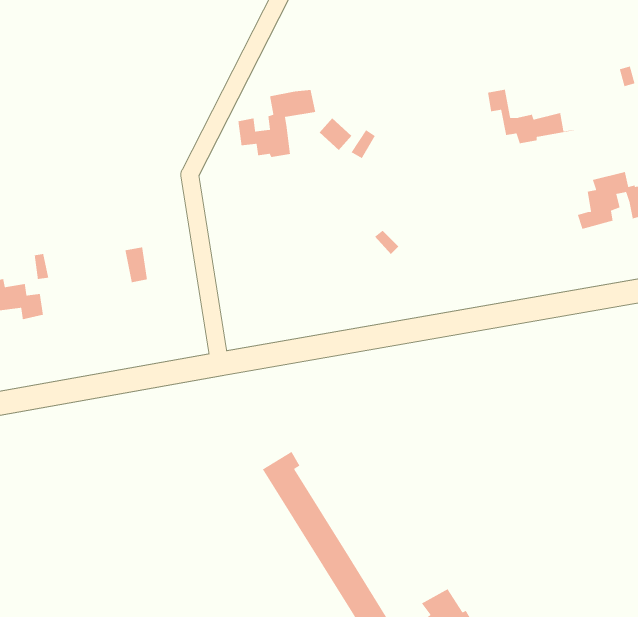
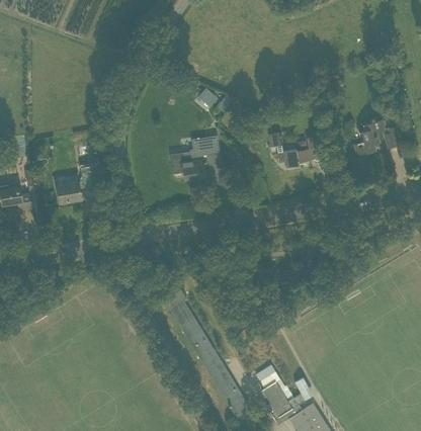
building: [487,89,574,144] -> [268,133,321,166]
building: [237,89,316,158] -> [172,137,220,178]
building: none -> [57,182,81,202]

